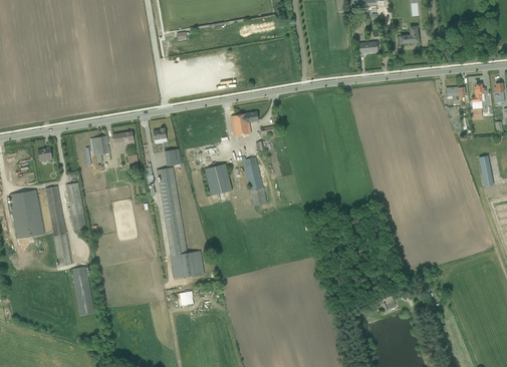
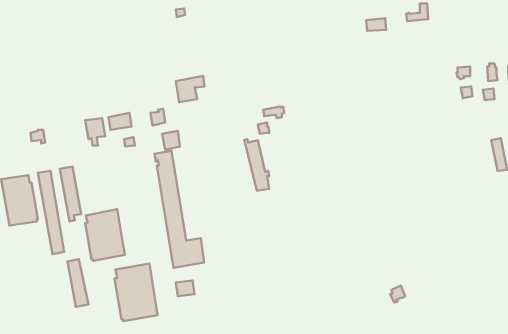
building: [231,111,258,136] -> [176,76,204,102]
building: [204,164,232,196] -> none
building: none -> [85,209,125,261]
building: none -> [115,263,158,321]

